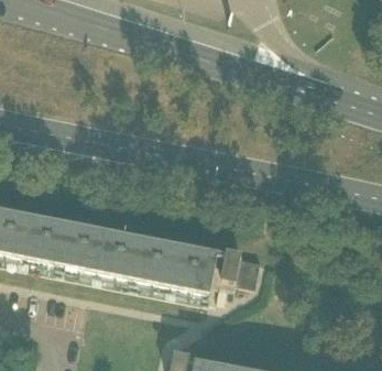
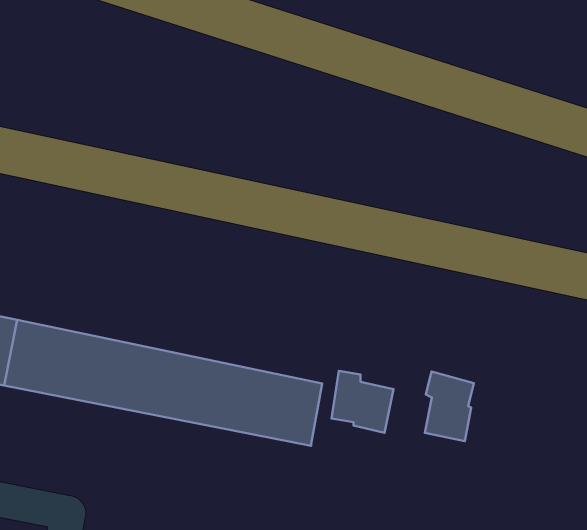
building: none -> [425,372,474,441]

